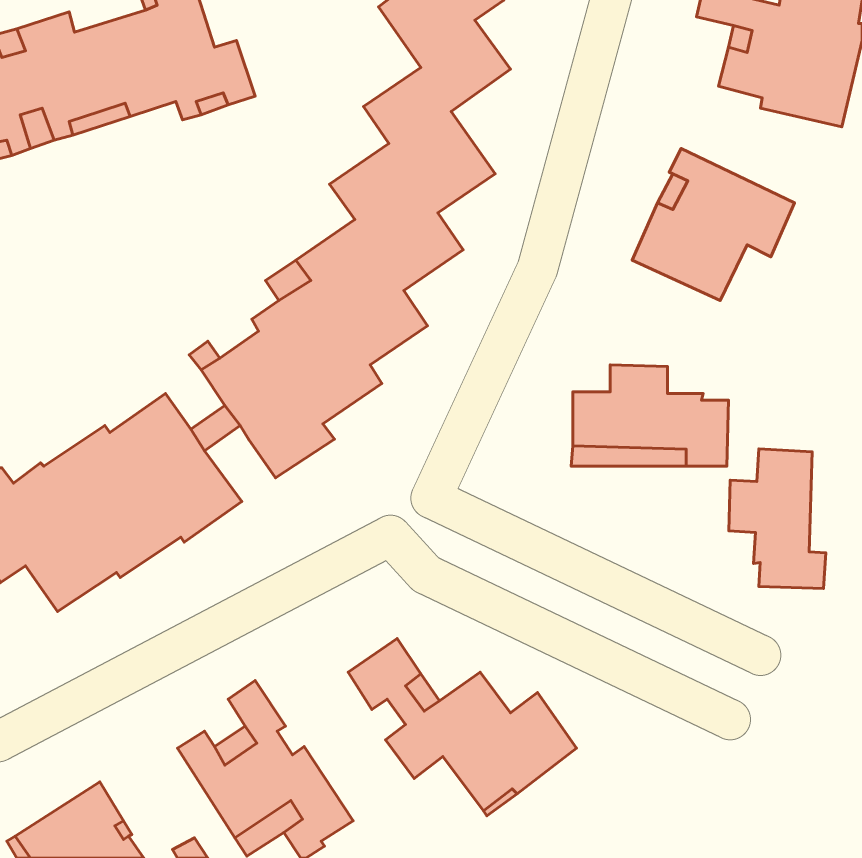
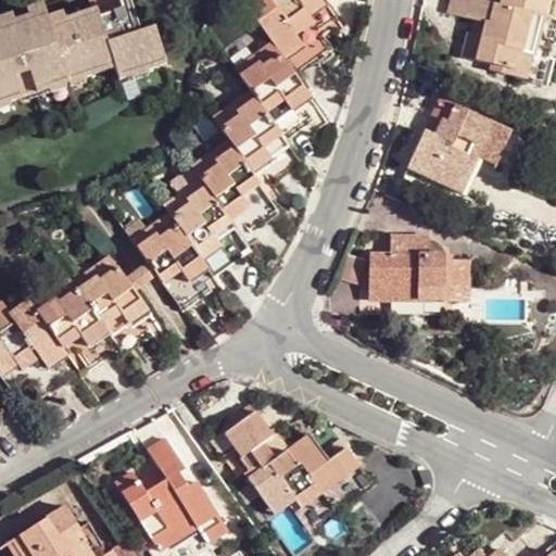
building: [729,449,826,588] -> none

